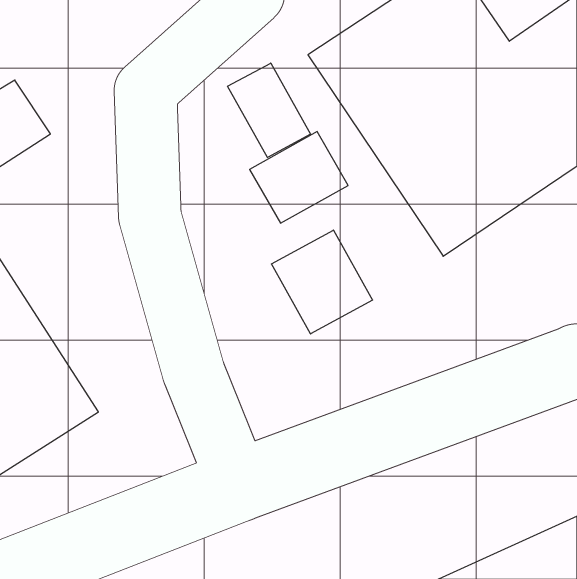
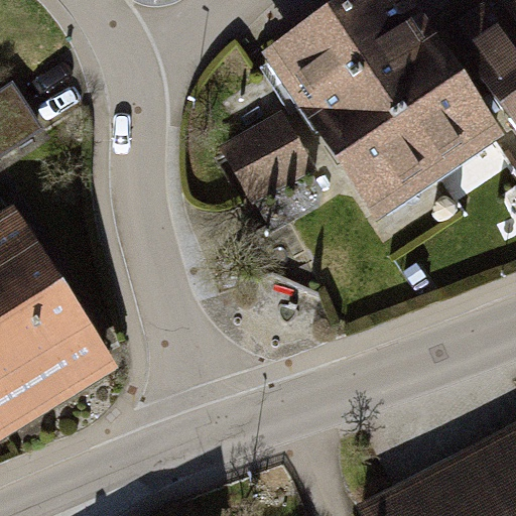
building: [228,63,311,157] -> none
building: [271,230,373,334] -> none

